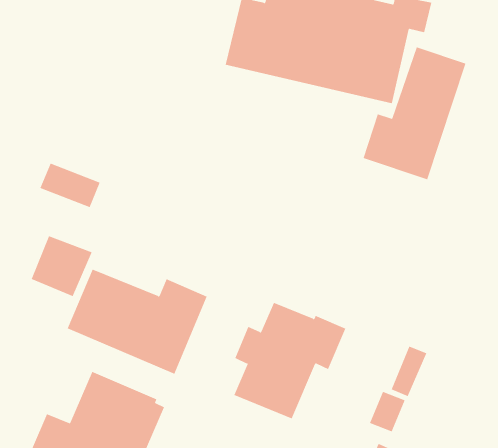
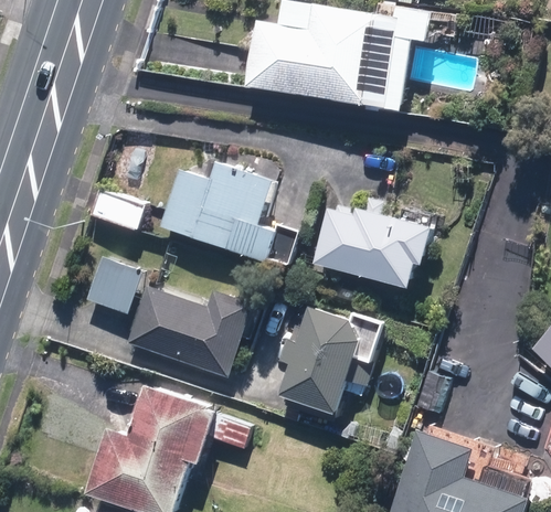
building: [363,47,466,180] -> none
building: none -> [156,163,274,262]
building: none -> [315,200,434,284]

